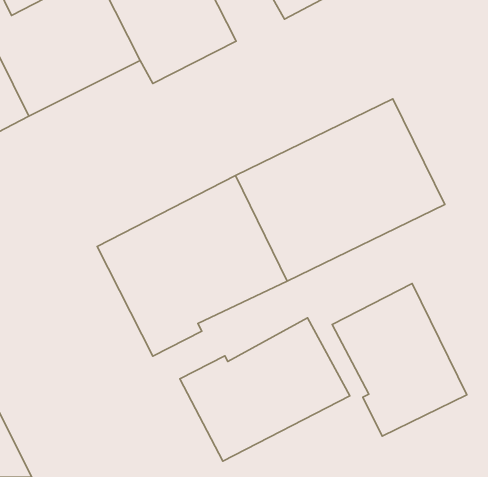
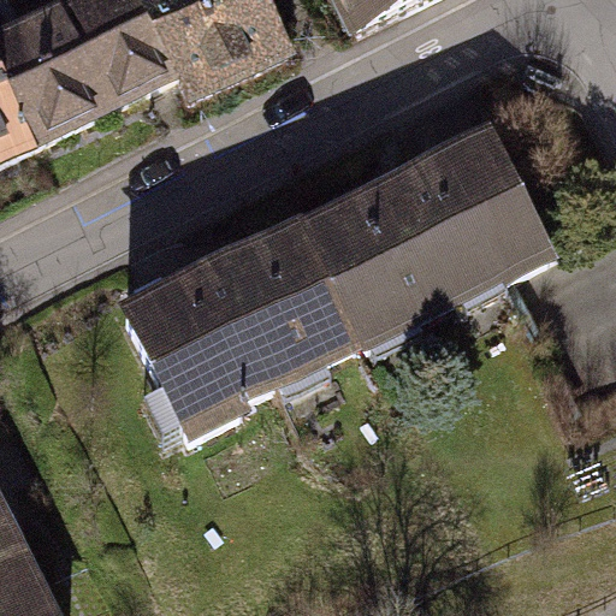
building: [332,283,467,436] -> none
building: [180,318,350,461] -> none

